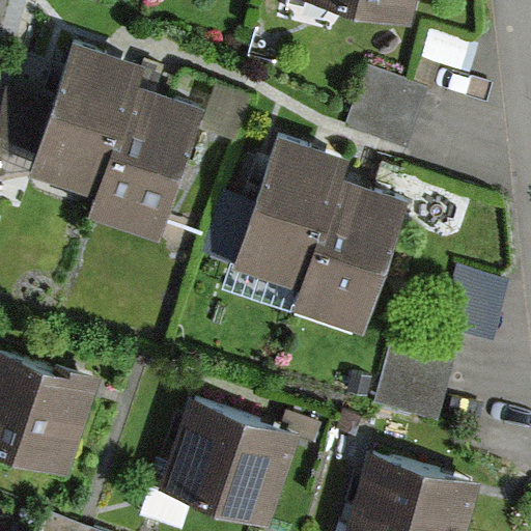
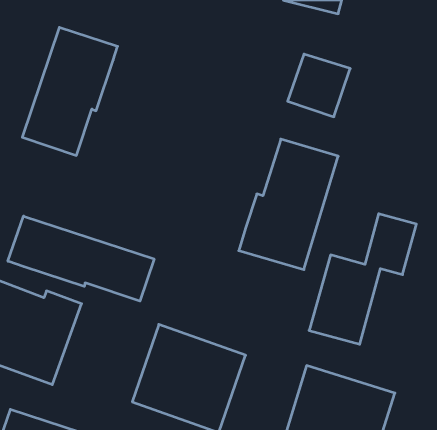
building: [85,83,204,244] -> none
building: [234,137,345,286] -> none
building: none -> [8,216,154,301]

